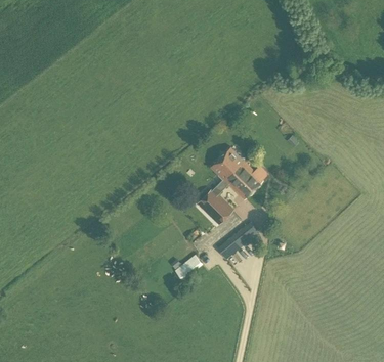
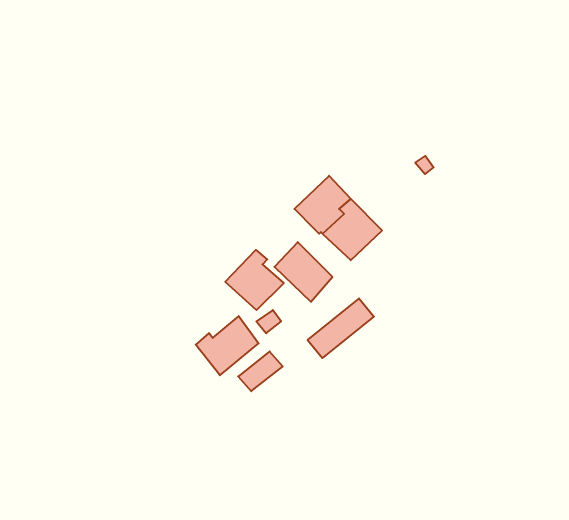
building: none -> [225,250,284,310]
building: none -> [196,316,259,375]

